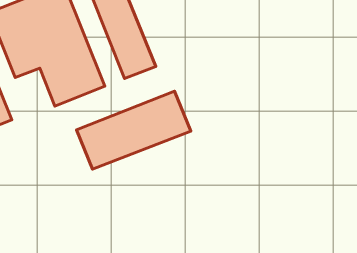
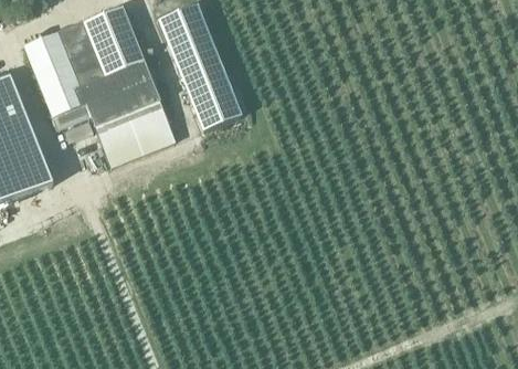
building: [77,91,191,169] -> none

